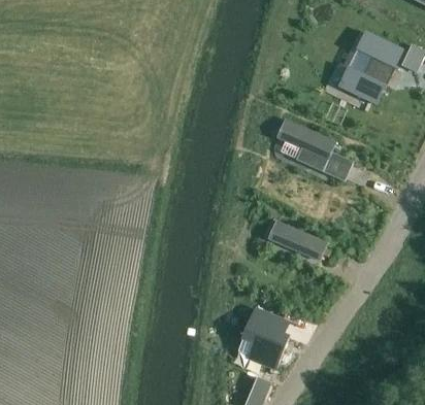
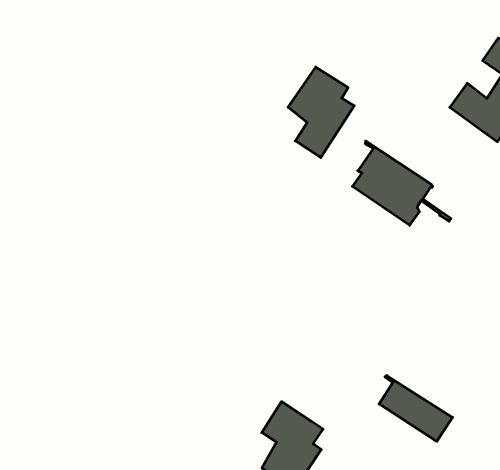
building: none -> [288,67,354,158]
building: [272,220,325,260] -> [379,375,453,441]

